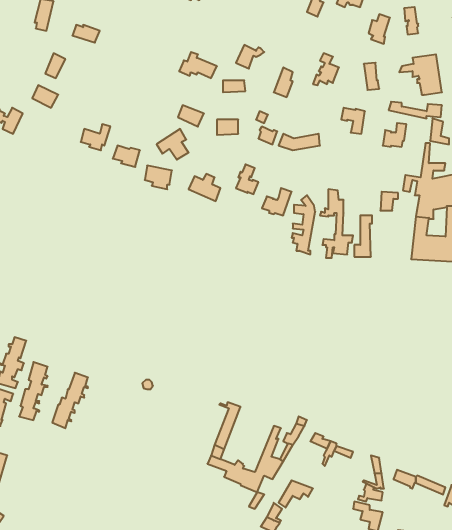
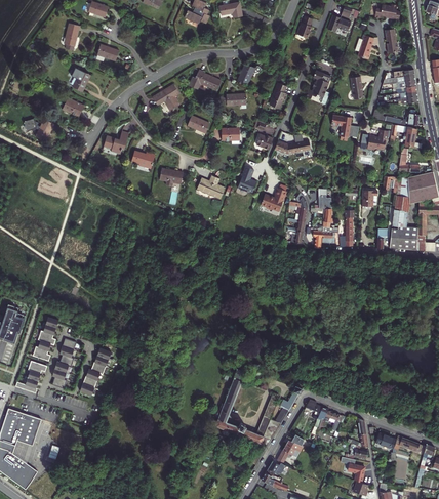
building: [157,129,189,160] -> [154,83,182,110]

